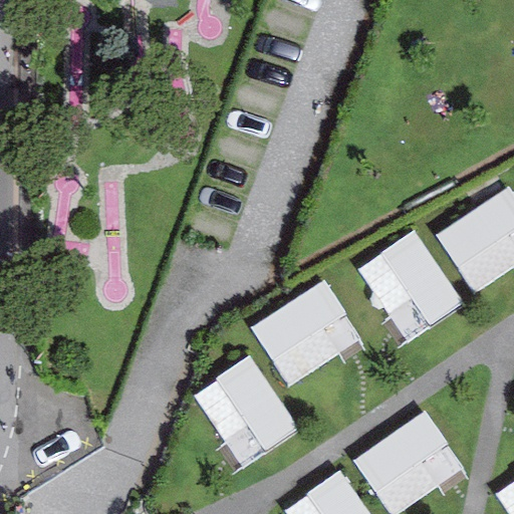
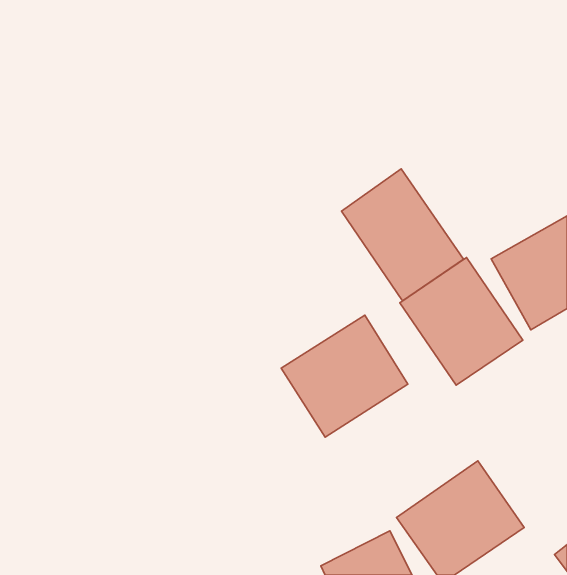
building: none -> [341,169,463,301]
building: [190,355,298,469] -> none

